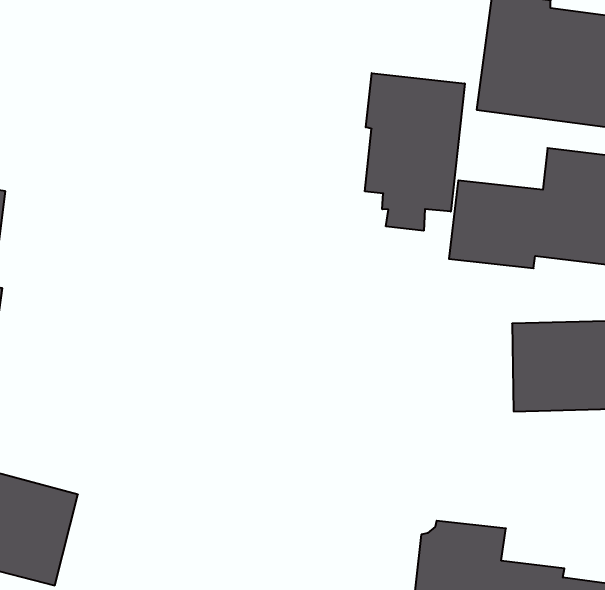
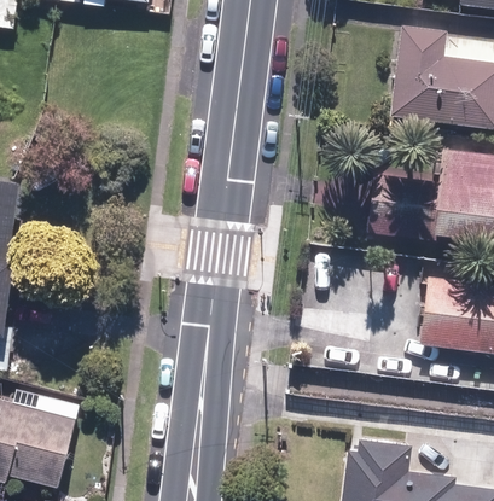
building: [365,73,465,231] -> none

